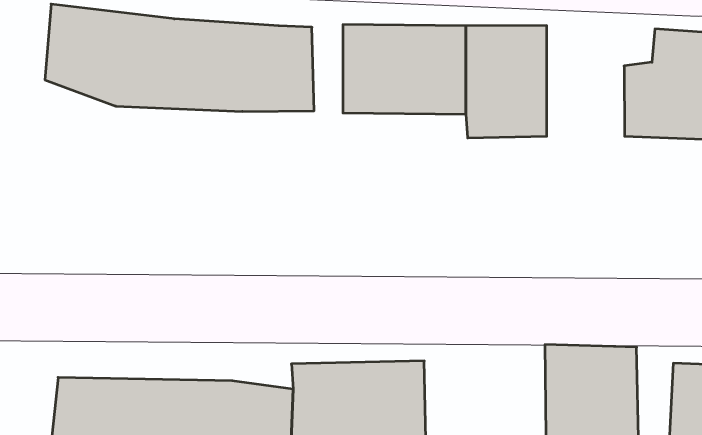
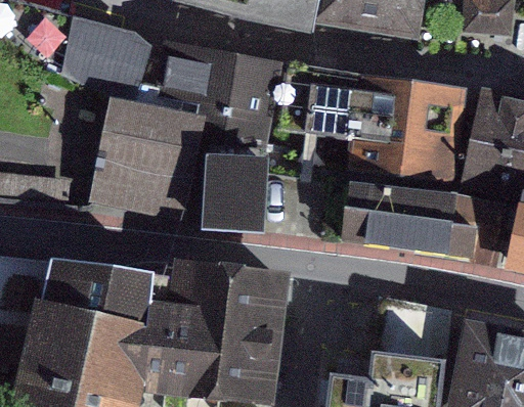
building: none -> [401,84,465,167]
building: none -> [94,99,195,202]
building: none -> [205,161,259,227]
building: none -> [342,180,495,253]

